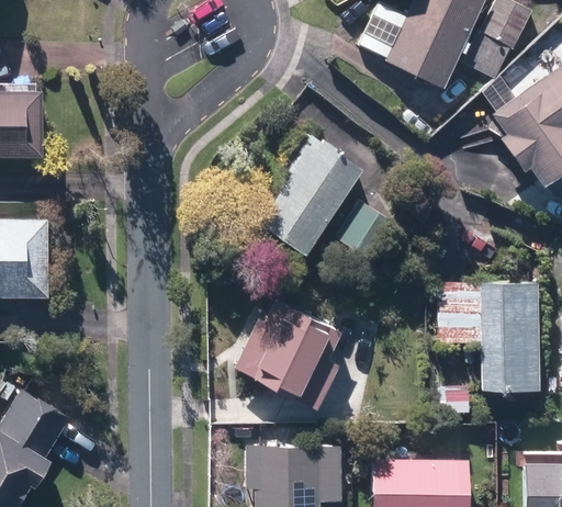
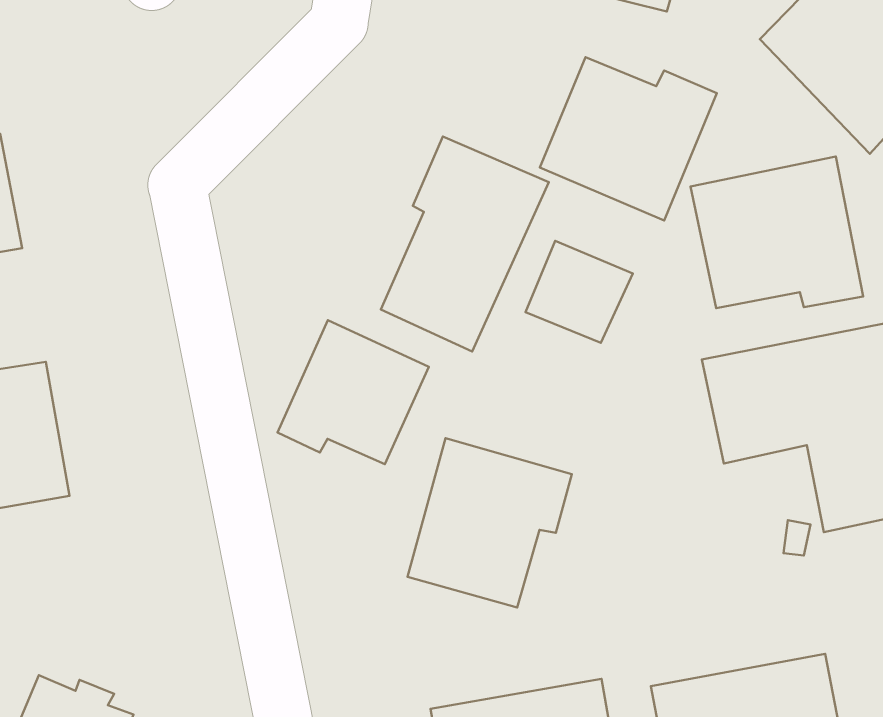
building: none -> [540,57,717,221]
building: none -> [691,157,863,308]
building: none -> [277,320,429,464]

